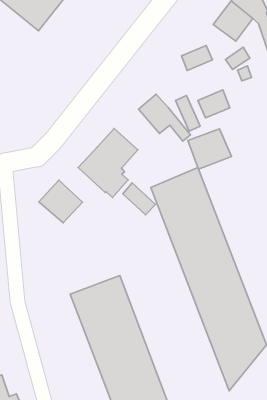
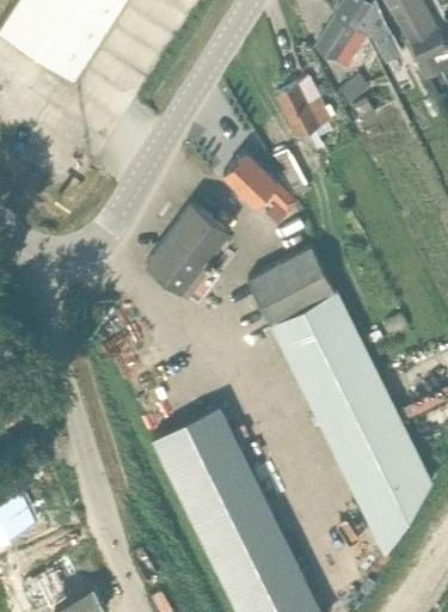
building: [198,90,230,118] -> [284,98,330,139]
building: [188,129,231,169] -> none
building: [39,180,83,223] -> none
building: [123,183,156,215] -> none

